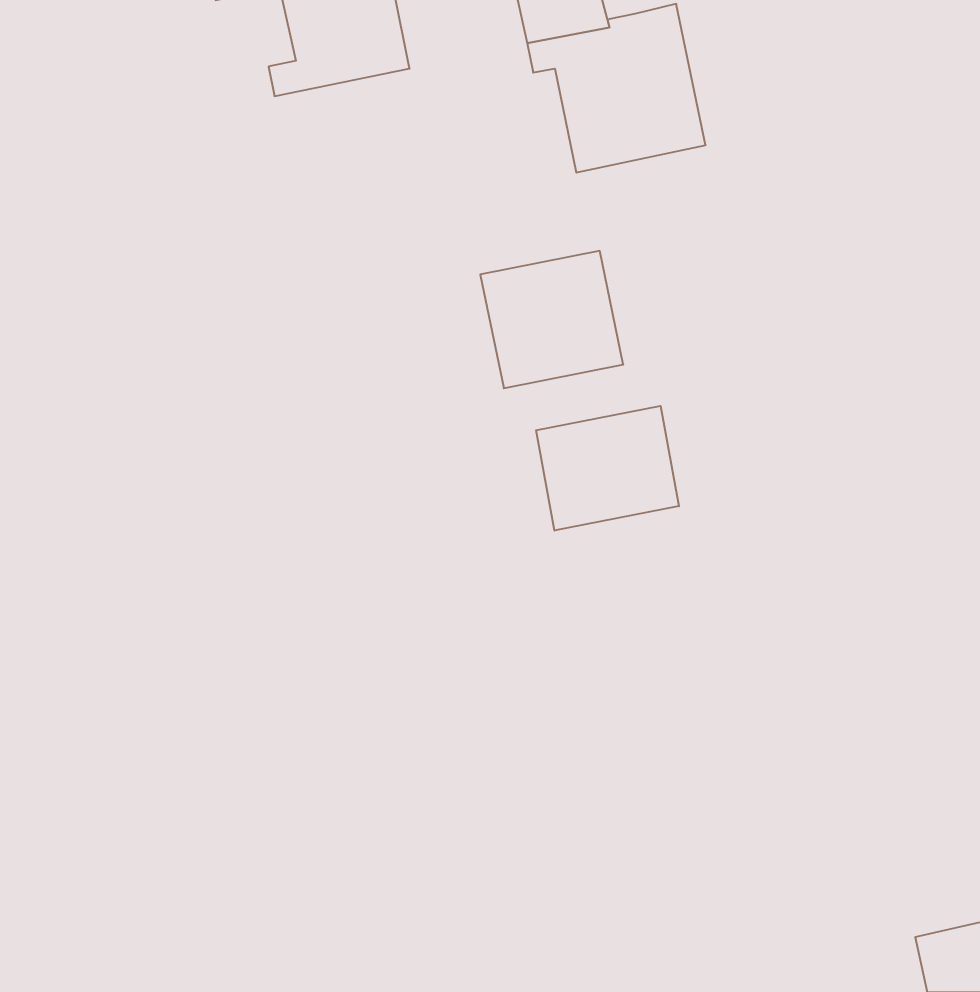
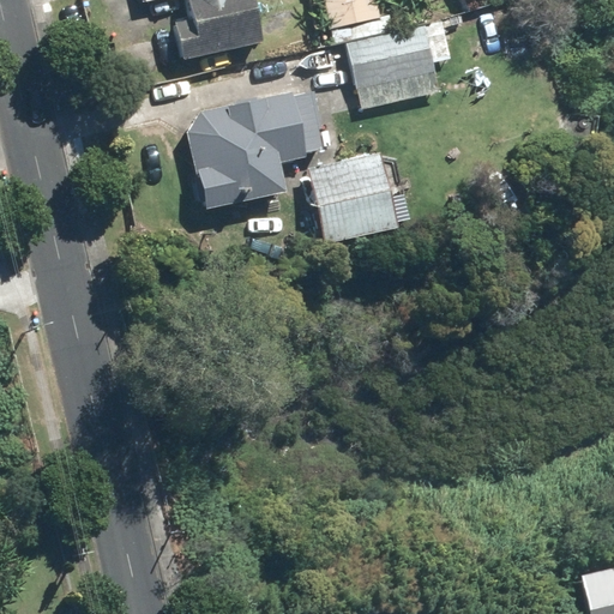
building: none -> [183,90,327,209]
building: [536,406,679,531] -> none

